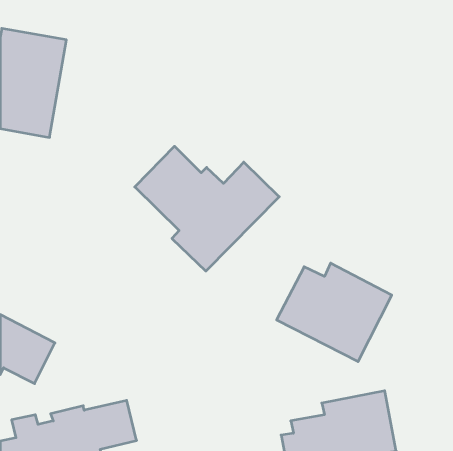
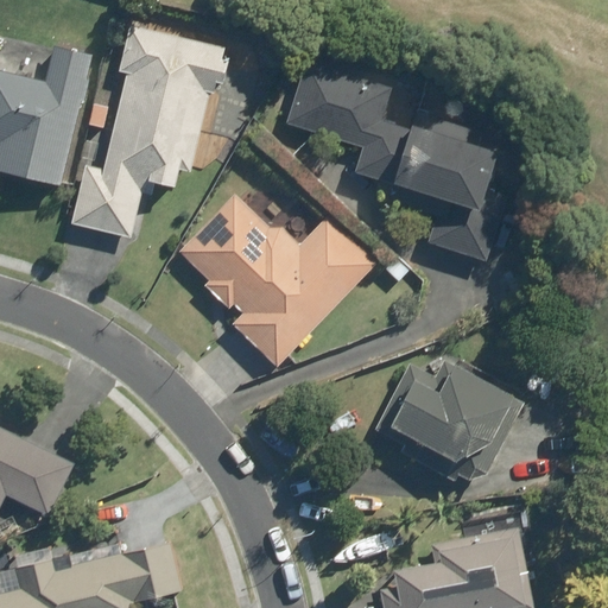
building: none -> [74,30,229,235]
building: none -> [286,59,504,256]

